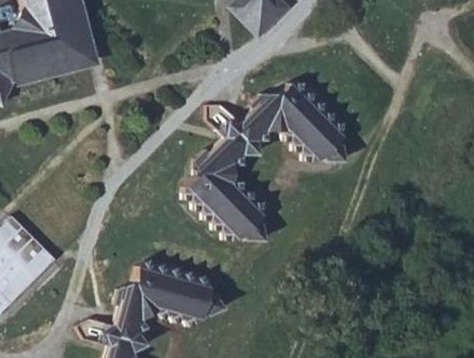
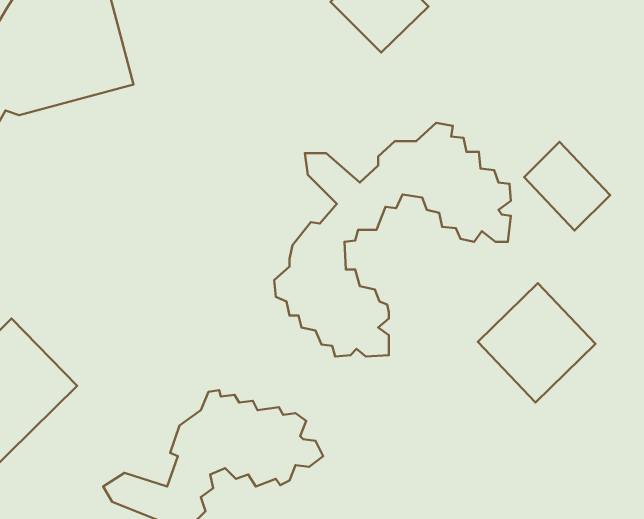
building: none -> [524,142,610,231]
building: none -> [478,283,595,403]

